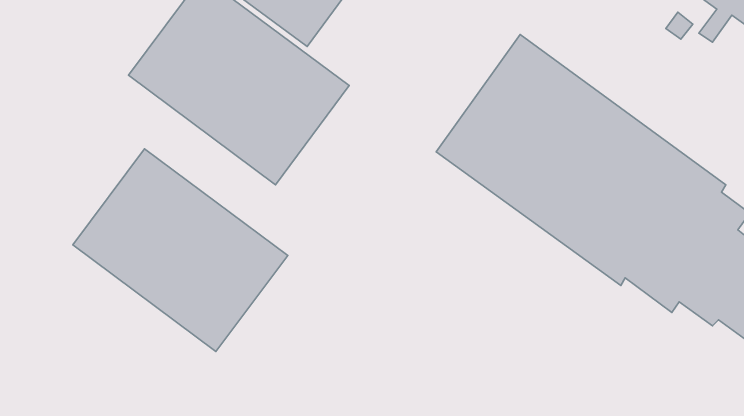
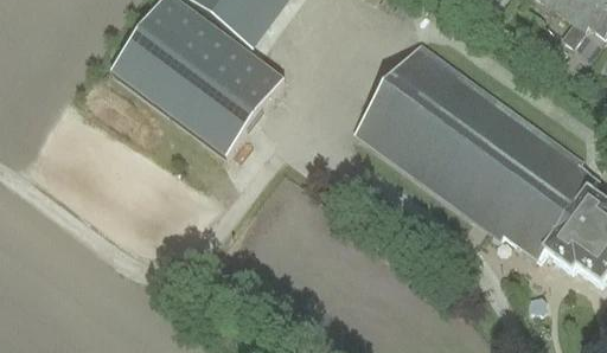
building: [73,149,288,352] -> none

